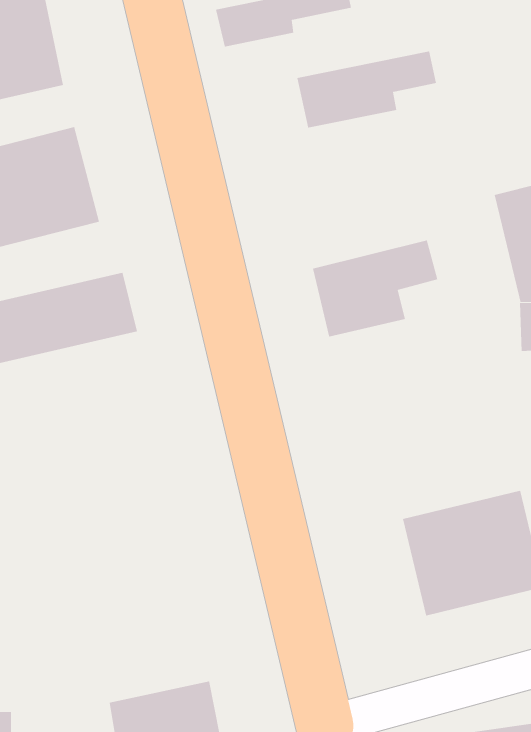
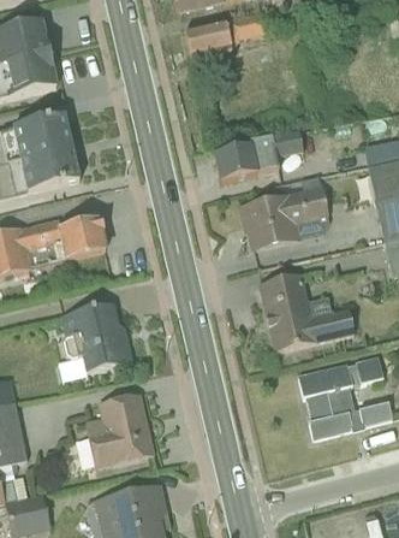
building: [297,51,437,128] -> [206,128,299,179]
building: none -> [258,272,350,351]
building: none -> [76,302,142,371]
building: none -> [95,389,167,463]

